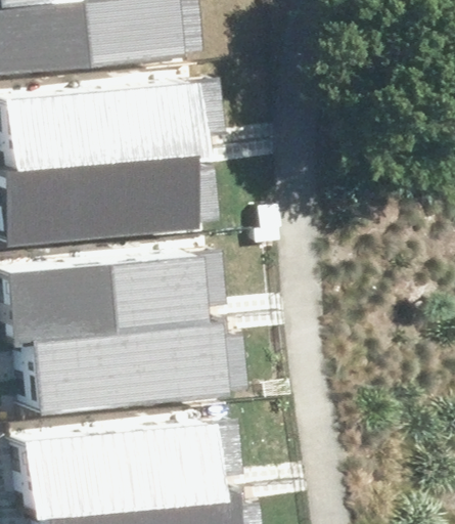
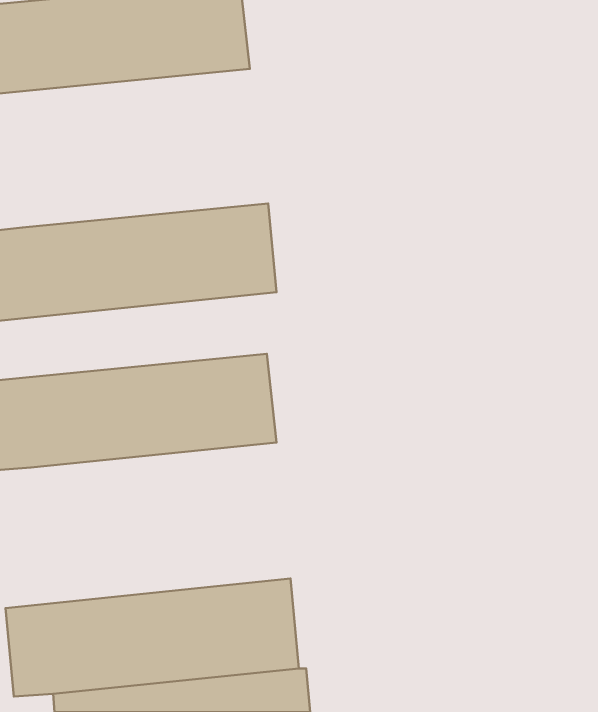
building: [10,81,201,166] -> none
building: [24,320,234,407] -> none

